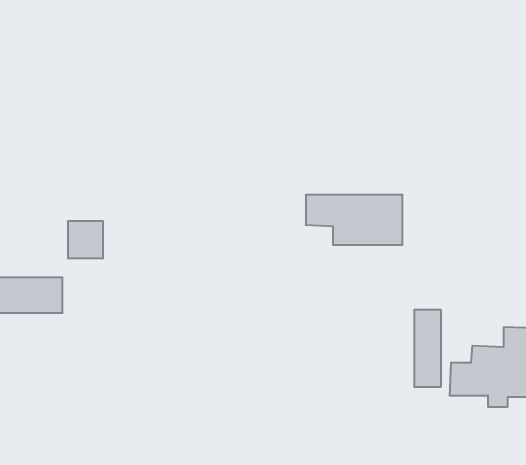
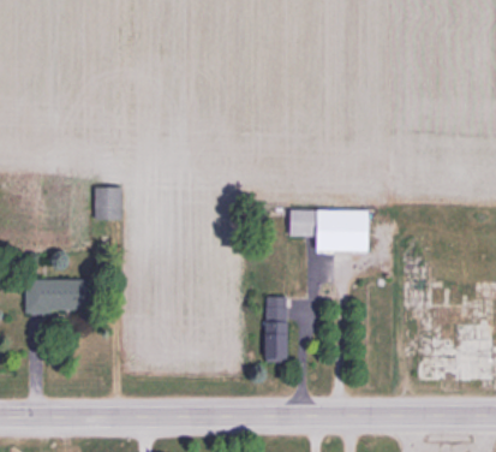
building: [68,221,103,258] -> [94,188,124,219]
building: [414,310,441,387] -> [264,297,287,362]

